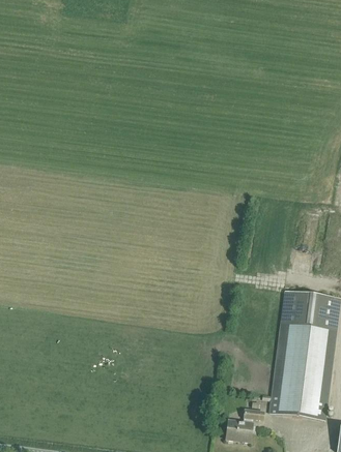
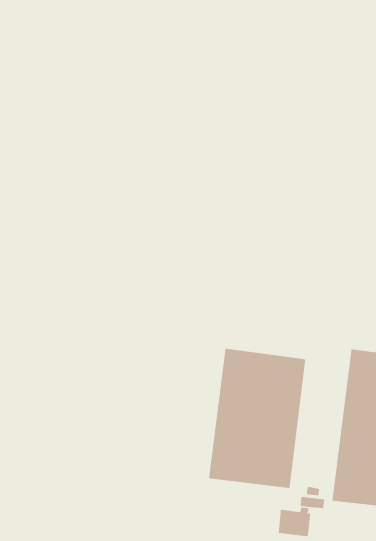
building: none -> [208,348,306,489]

